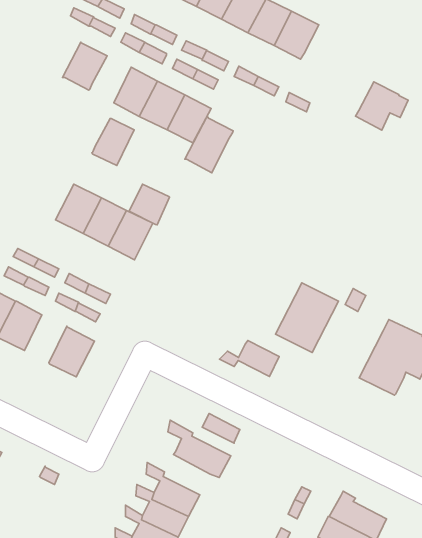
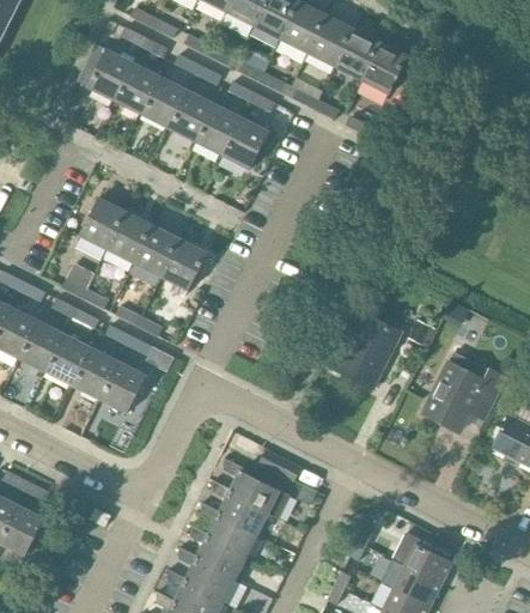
building: none -> [89,44,133,101]
building: [355,82,408,130] -> [363,45,418,96]
building: [185,116,233,173] -> none
building: [92,119,134,166] -> [141,78,185,127]
building: none -> [80,199,126,249]
building: [129,184,170,225] -> none
building: none -> [74,348,118,399]
building: [220,340,279,377] -> none
building: none -> [213,480,268,536]

